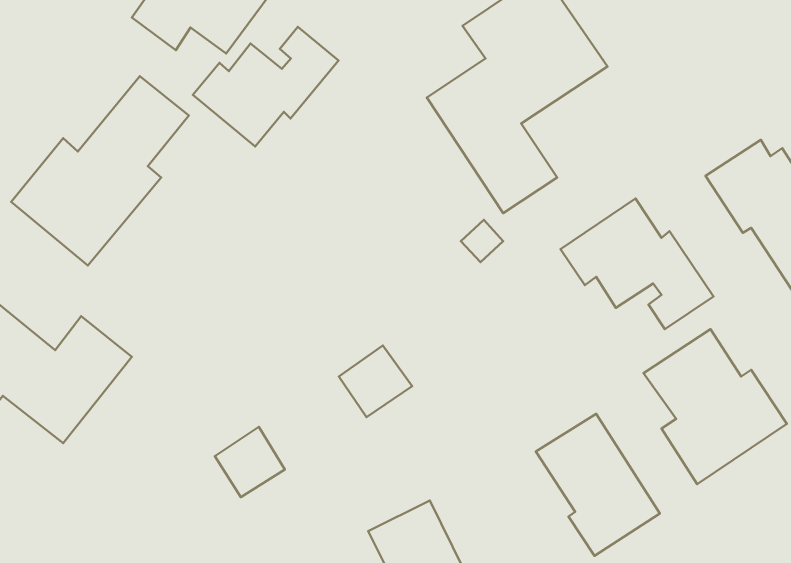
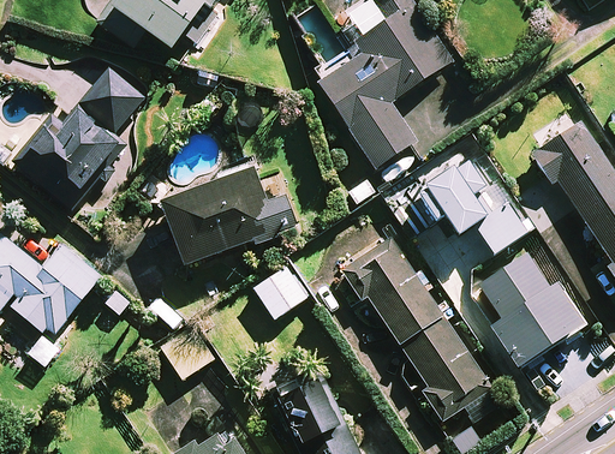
building: [193,27,339,147] -> none
building: none -> [161,167,297,265]
building: none -> [340,234,443,342]

